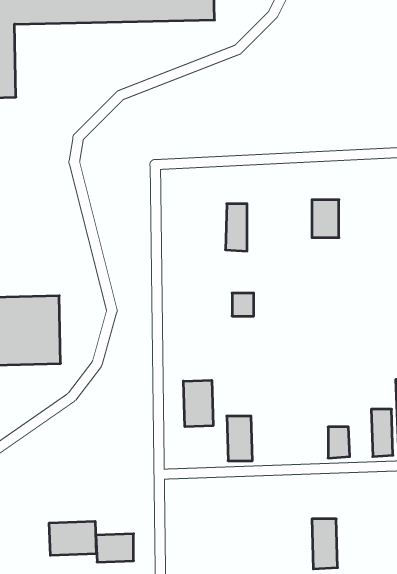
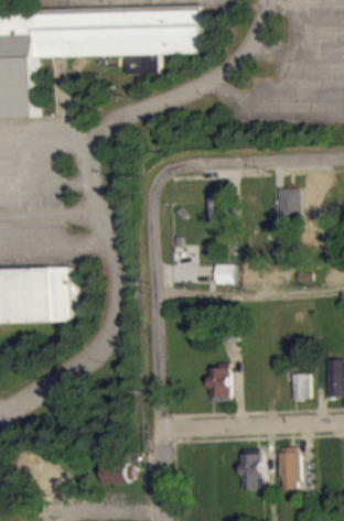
building: [183,380,213,427] -> none
building: none -> [236,456,257,495]
building: [49,521,96,555] -> none

